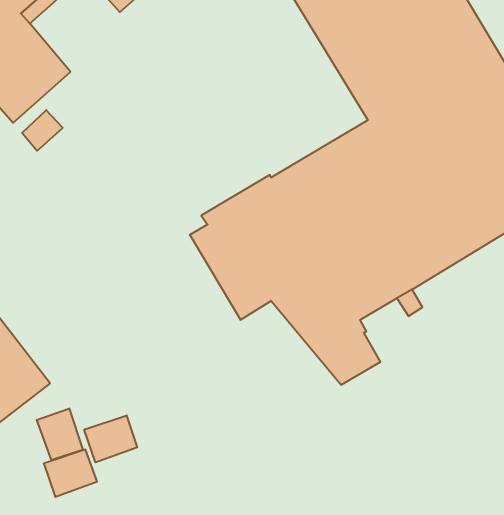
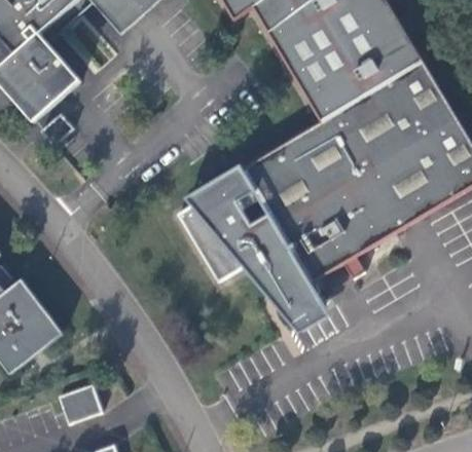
building: [37,408,83,460] -> none
building: [84,415,137,462] -> none

